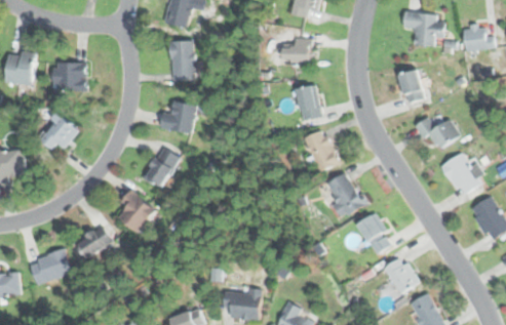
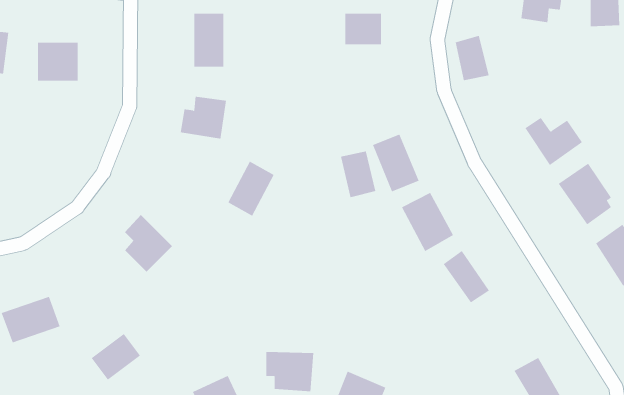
building: [399,70,425,104] -> [455,35,489,81]
building: [296,85,322,120] -> [340,151,376,198]
building: [38,113,79,149] -> none
building: [145,146,180,187] -> [227,161,275,216]
building: [76,225,113,259] -> [91,333,141,380]
building: [382,256,420,295] -> none

